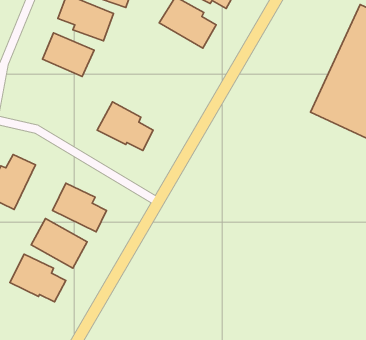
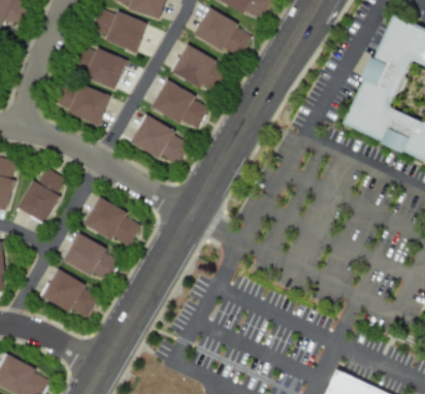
building: none -> [168,43,223,93]
building: none -> [150,78,206,130]
building: none -> [53,83,108,123]

